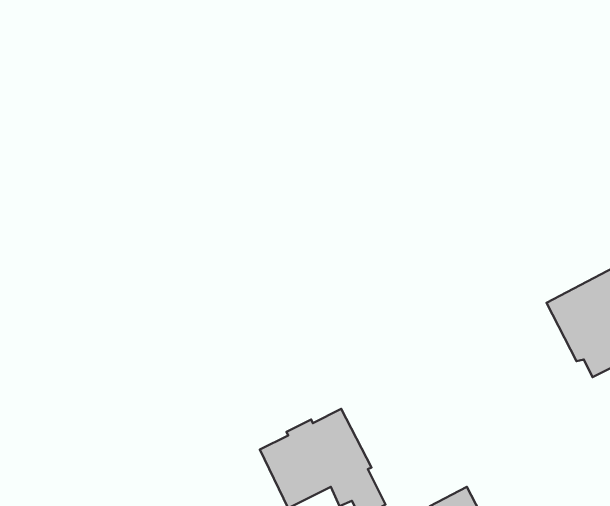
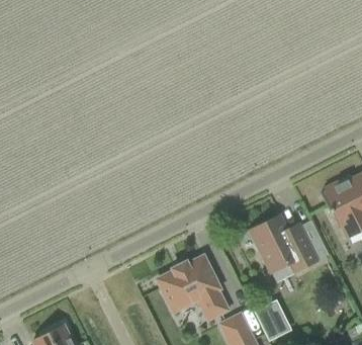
building: none -> [241,214,320,272]

